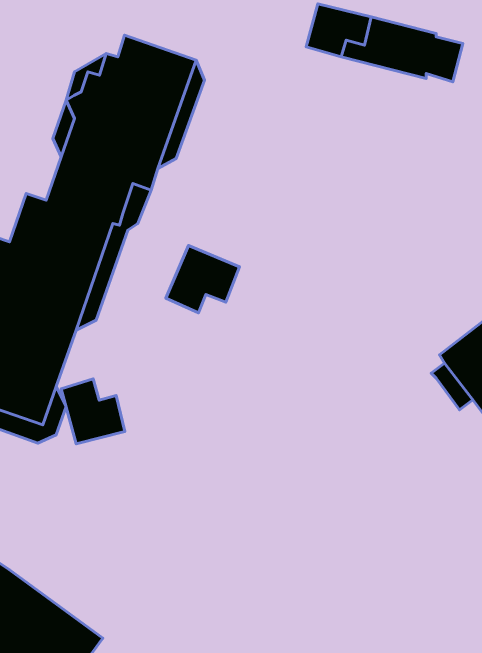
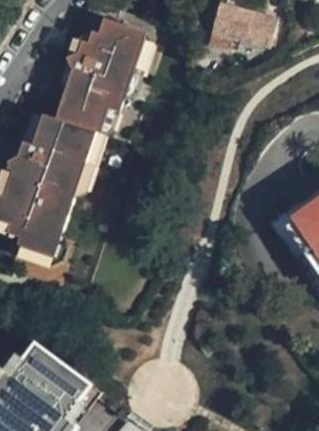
building: [166,246,240,313] -> none
building: [61,379,125,444] -> none

